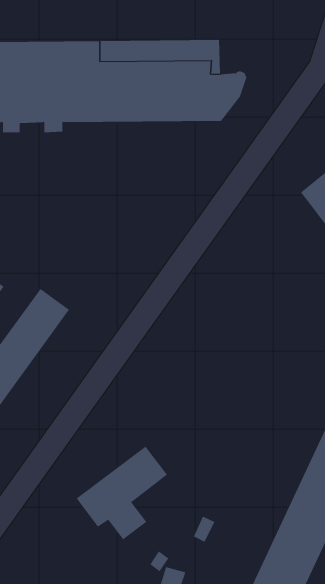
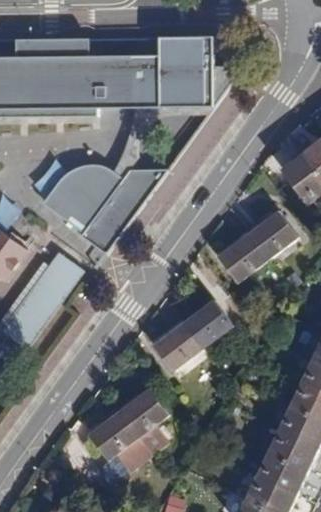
building: none -> [43,165,169,256]
building: none -> [217,211,298,283]
building: none -> [152,300,233,371]

